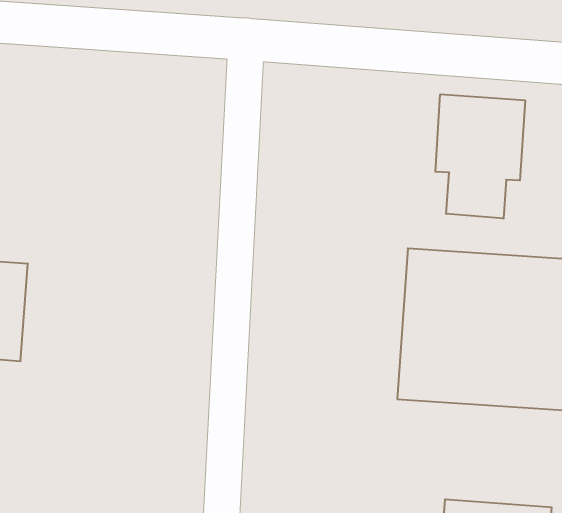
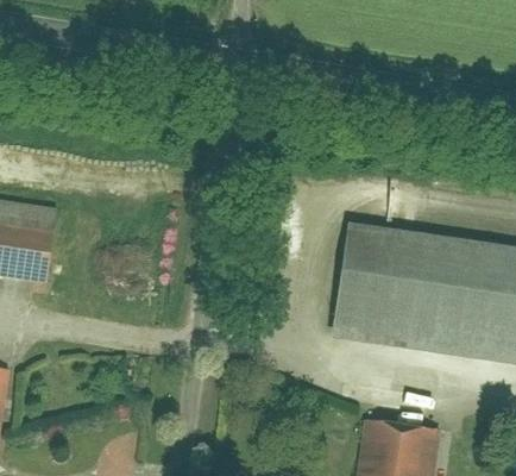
building: [435,94,525,219] -> none

